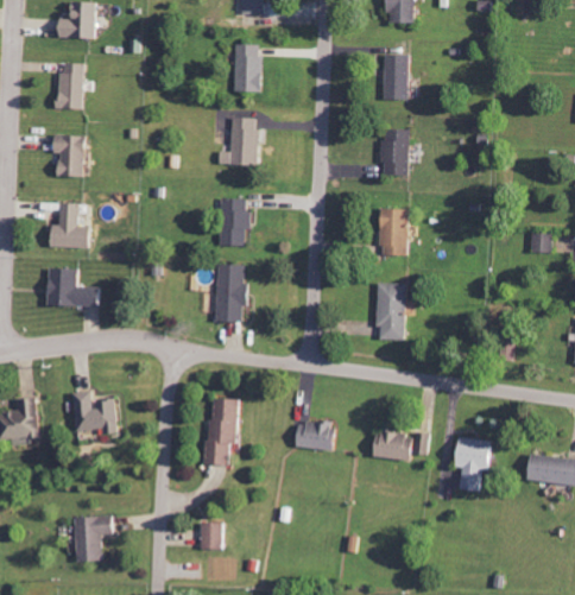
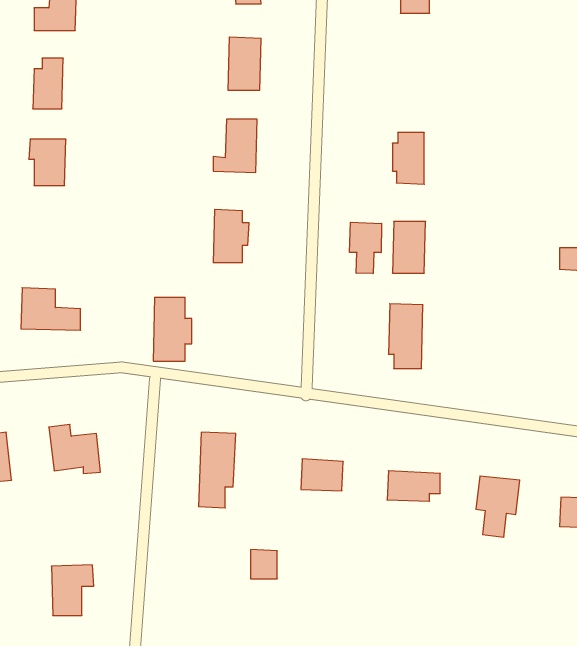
building: [381,53,409,99] -> none
building: [50,202,91,247] -> none
building: none -> [350,222,382,274]
building: [214,264,248,321] -> [153,297,192,361]
building: [198,521,222,547] -> [251,550,277,579]

